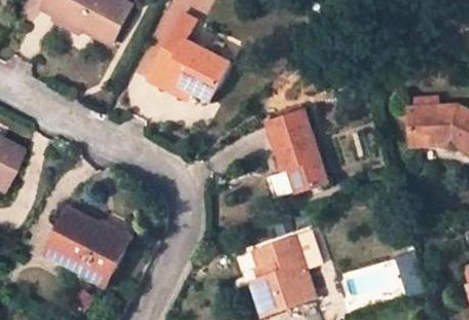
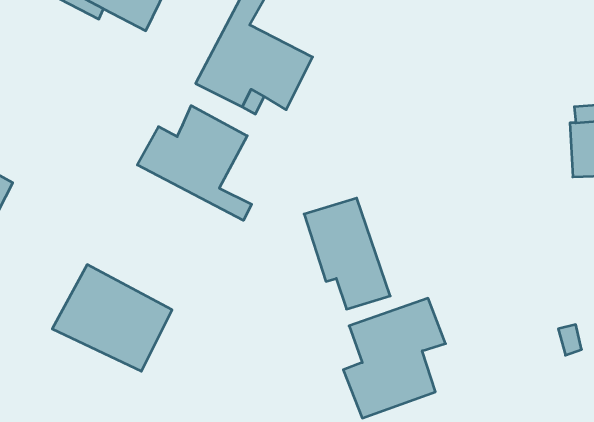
building: none -> [137,106,252,220]
building: [266,112,327,190] -> [304,198,390,309]

